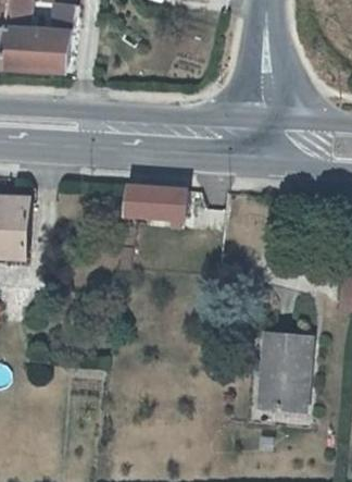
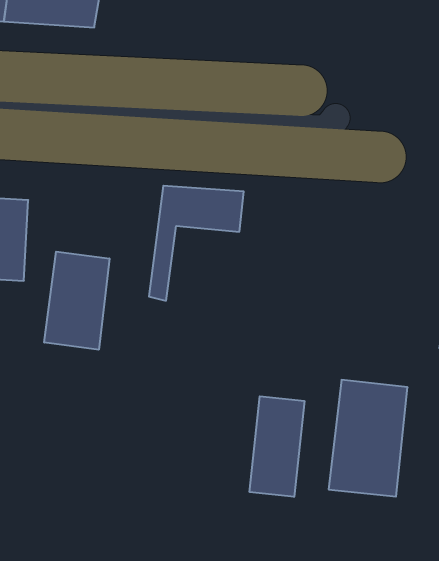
building: none -> [44,252,109,350]
building: none -> [250,396,304,497]

